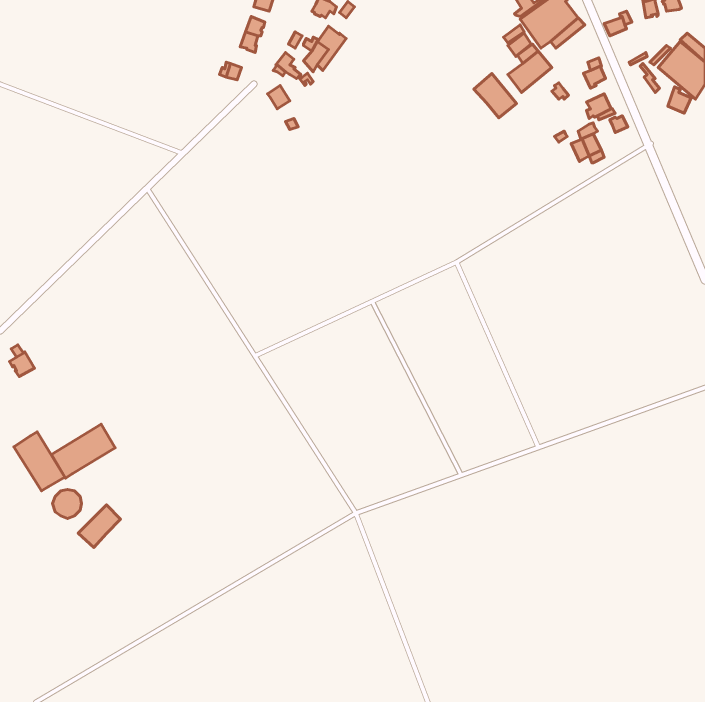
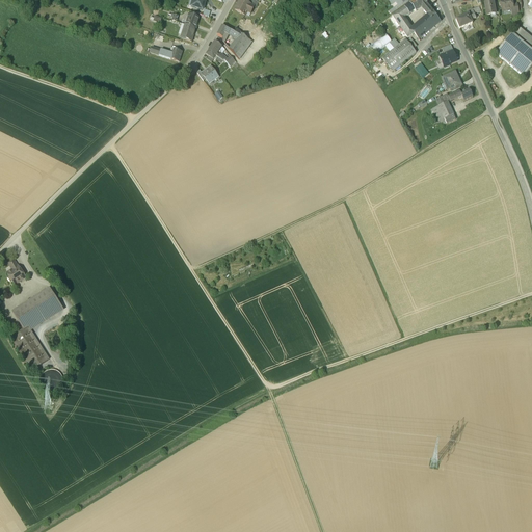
building: [474,73,517,118] -> none
building: [52,424,115,478] -> [12,288,60,328]
building: [78,505,121,548] -> none

